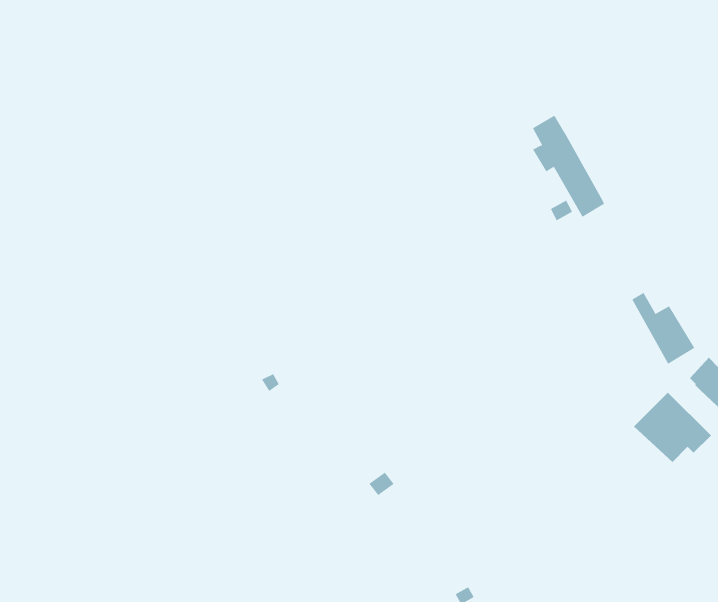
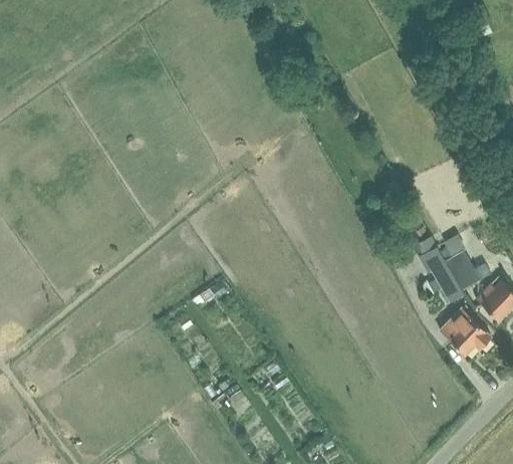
building: [532,115,605,217] -> [418,234,466,302]

